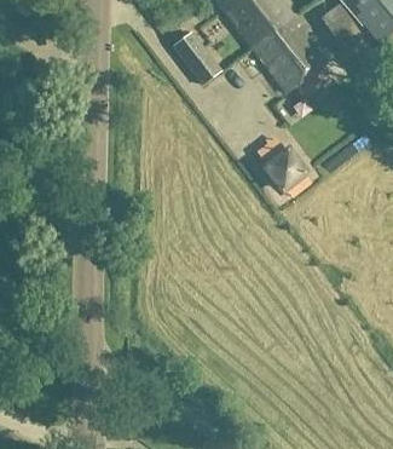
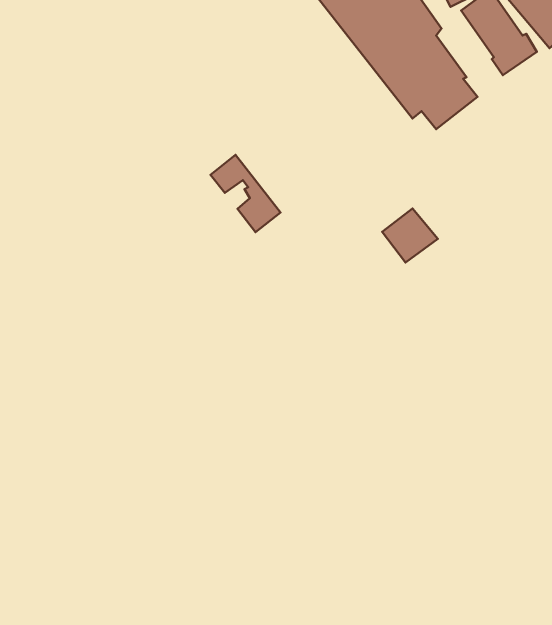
building: [171,30,218,82] -> [210,155,281,232]

